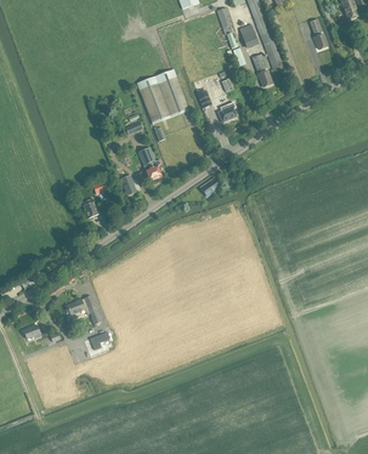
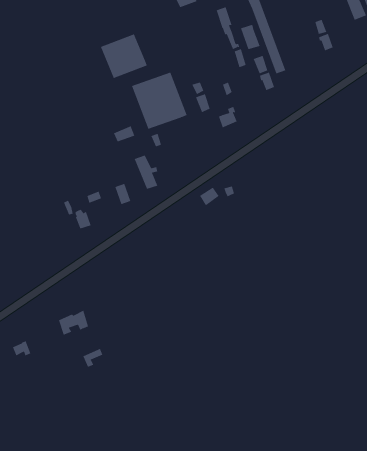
building: none -> [100,34,148,79]

